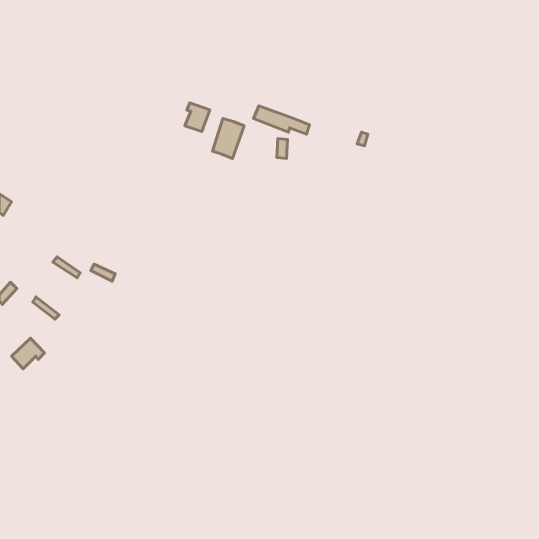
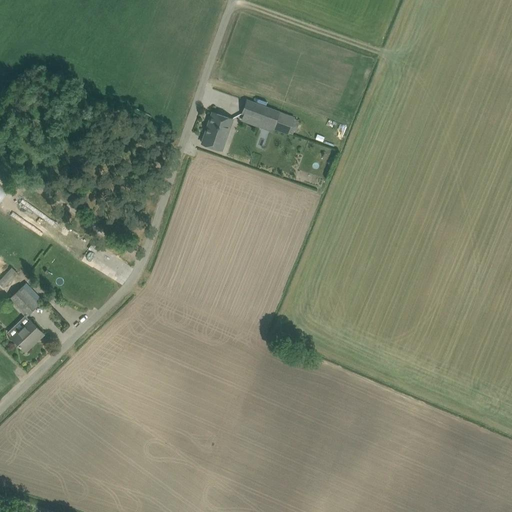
building: [185,103,210,132] -> none
building: none -> [8,287,38,317]

